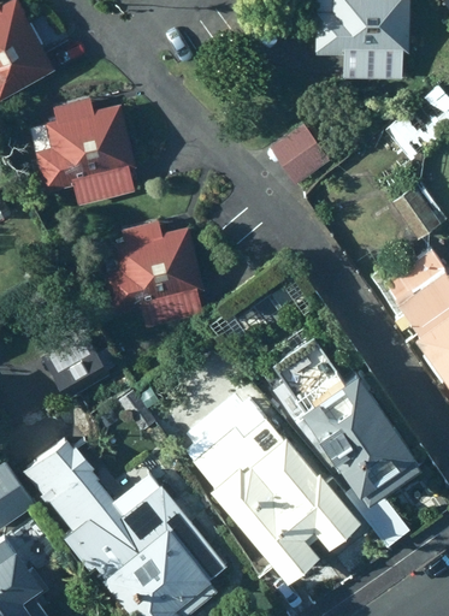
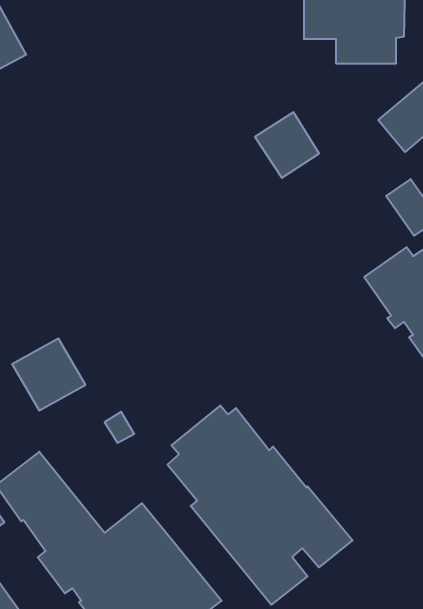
building: [36,97,135,205] -> none
building: [101,221,203,328] -> none
building: [276,342,419,546] -> none

